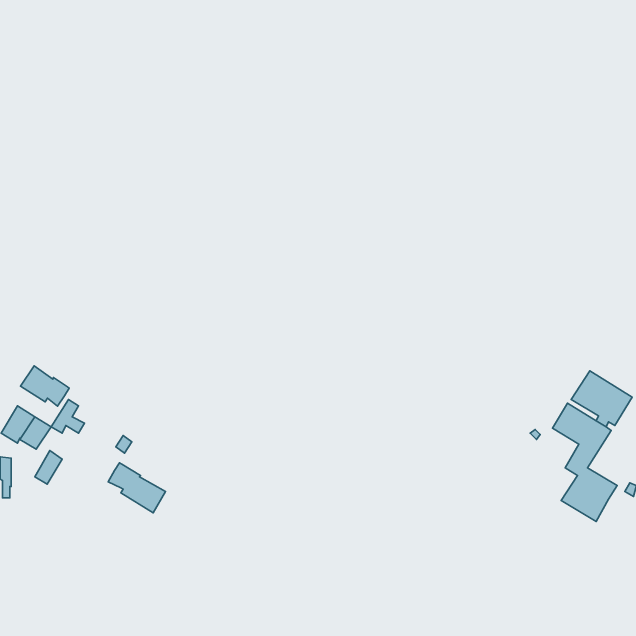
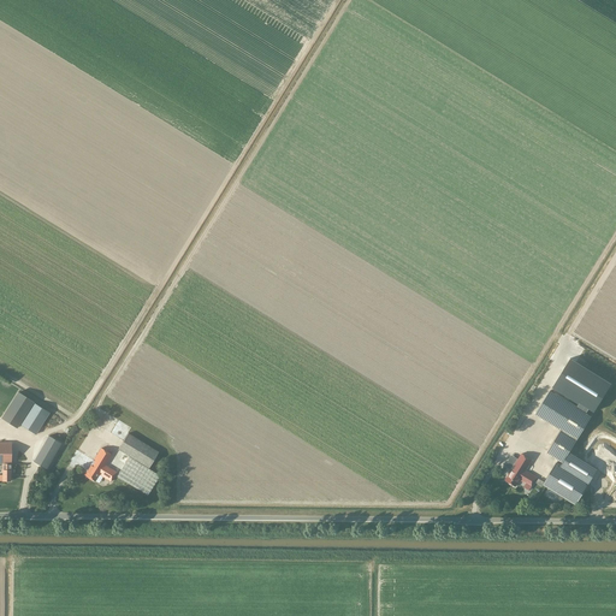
building: [21,366,69,406] -> none
building: [51,400,85,433] -> [84,449,117,481]
building: none -> [118,433,159,468]
building: none -> [505,454,537,487]

